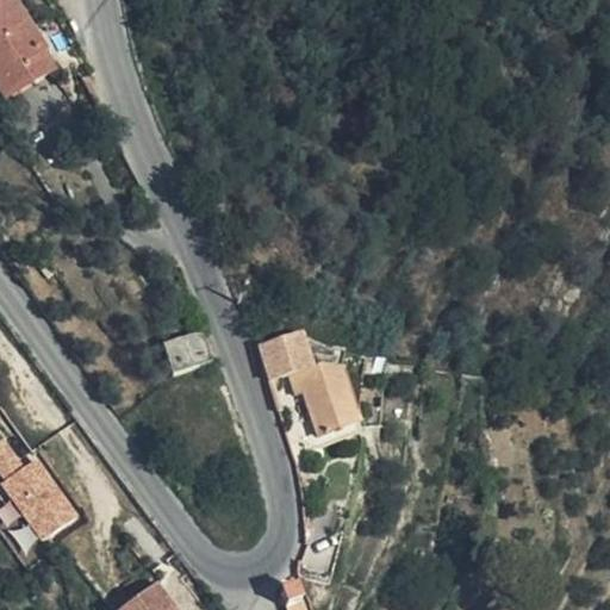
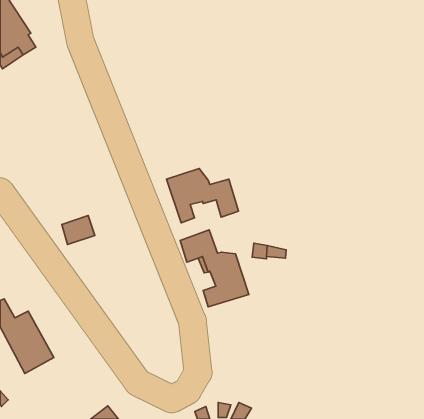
building: none -> [166,169,238,223]
building: [162,330,210,372] -> [62,216,95,245]

